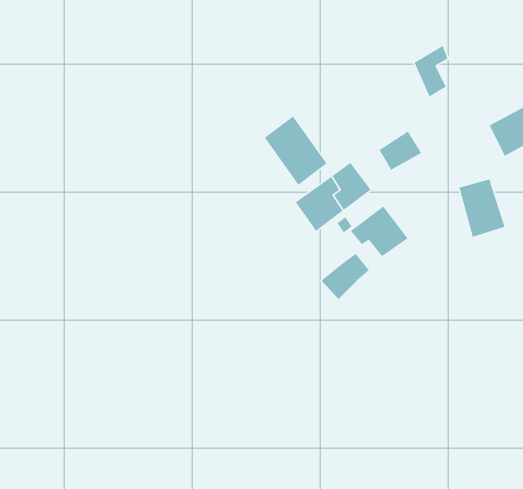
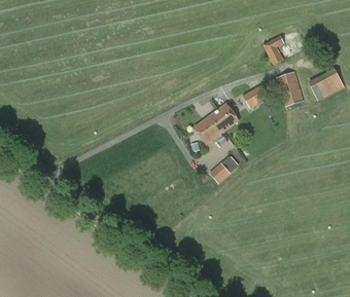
building: [264,115,327,186] -> none
building: [458,178,506,238] -> [276,71,304,106]
building: [350,206,408,257] -> none

